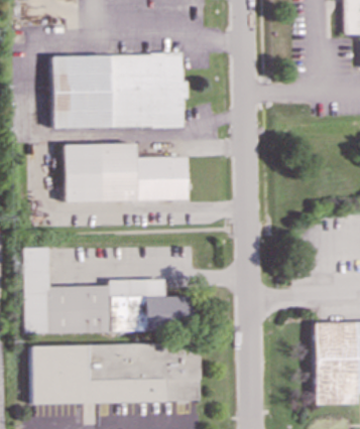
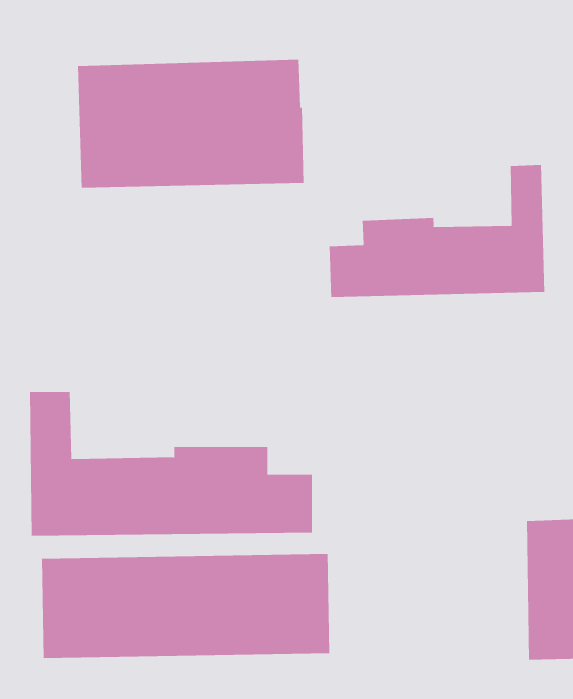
building: none -> [329,164,545,298]
building: [64,143,189,202] -> none

